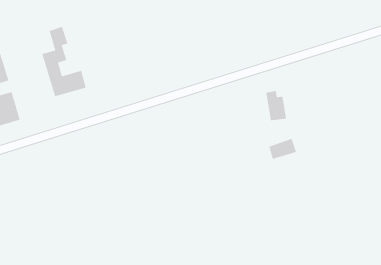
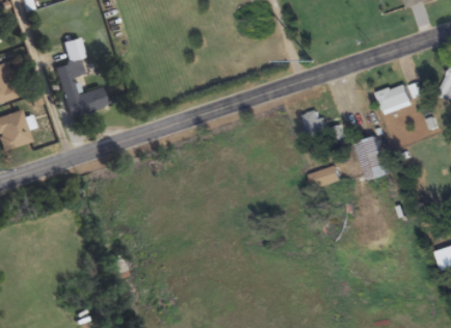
building: none -> [377,81,413,110]
building: none -> [356,134,389,177]

